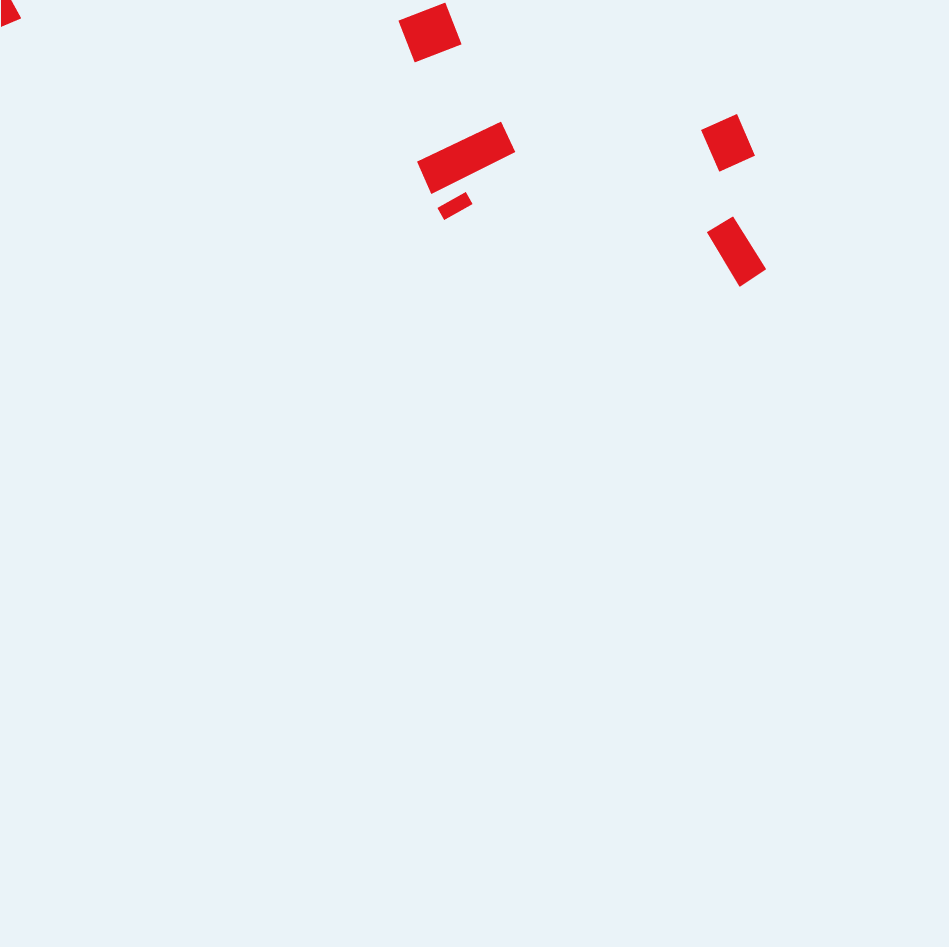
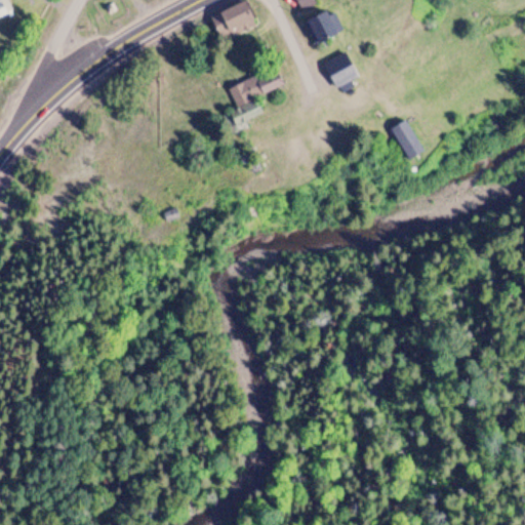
building: none -> [305,8,341,44]
building: [700,113,756,172] -> [326,54,357,87]

